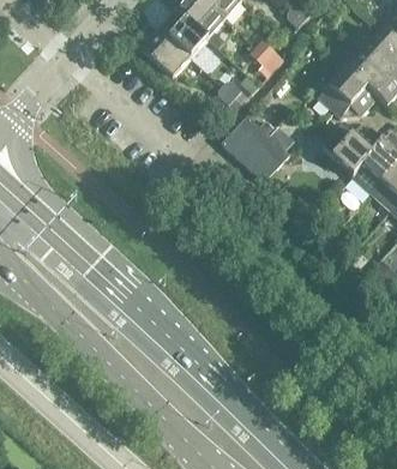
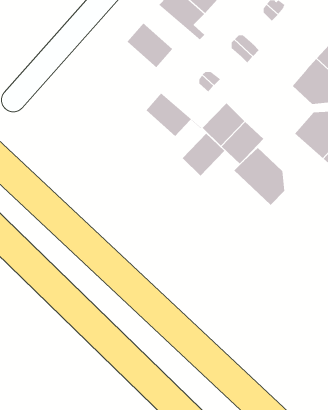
building: [158,8,219,56] -> [145,92,202,137]
building: none -> [182,133,225,176]
building: none -> [234,147,285,211]

